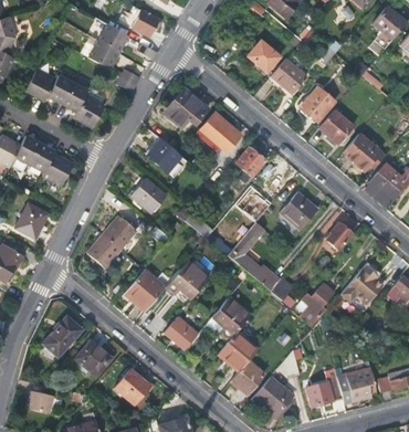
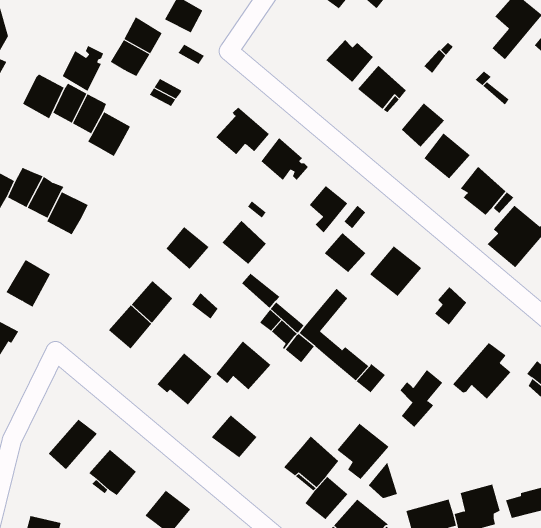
building: none -> [62,45,104,92]
building: [148,137,181,170] -> [221,220,267,265]
building: [212,296,251,338] -> [337,423,389,480]

